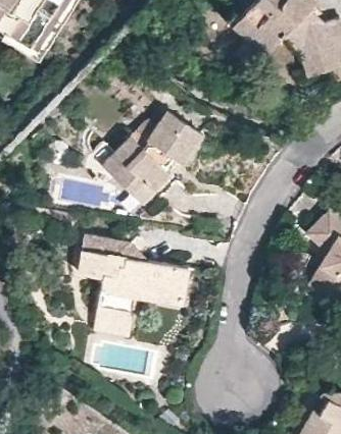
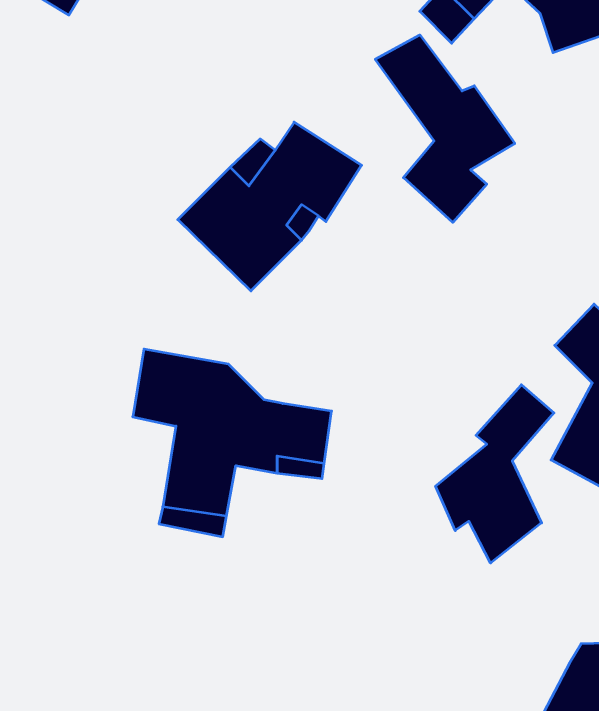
building: none -> [375,35,515,222]
building: none -> [436,385,554,563]

